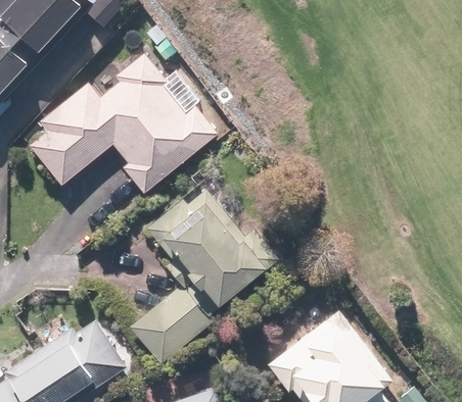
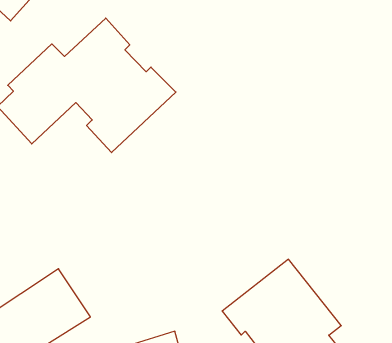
building: [129,202,265,364] -> none

